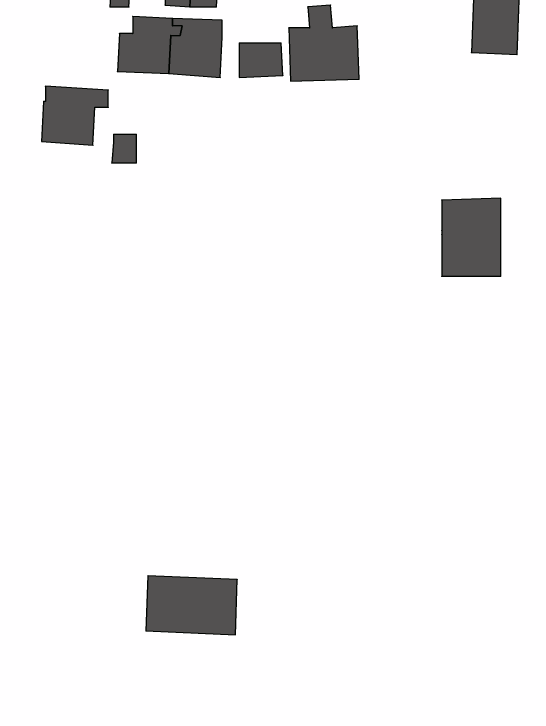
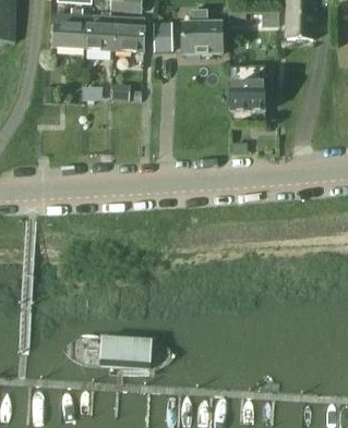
building: [42,86,108,145] -> [55,13,93,47]
building: [442,198,501,276] -> [231,65,265,110]

